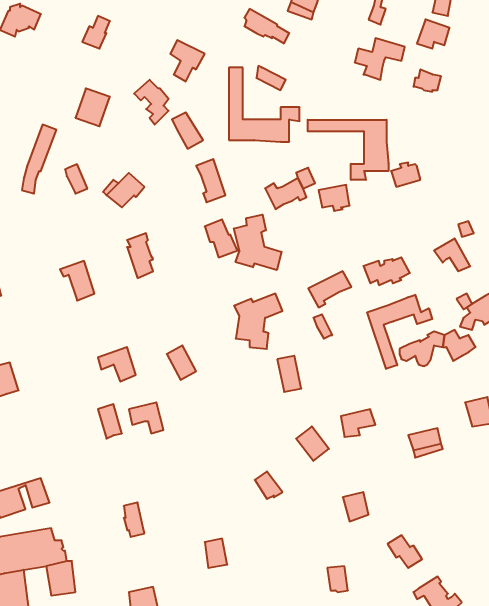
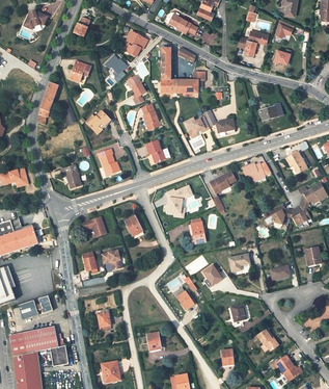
building: [308,120,388,180] -> none
building: [234,215,282,270] -> none
building: [367,295,432,369] -> none

